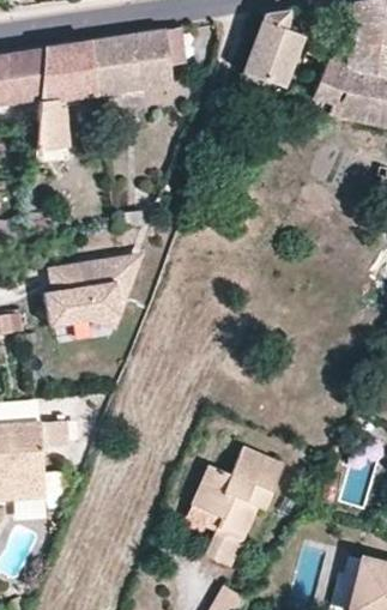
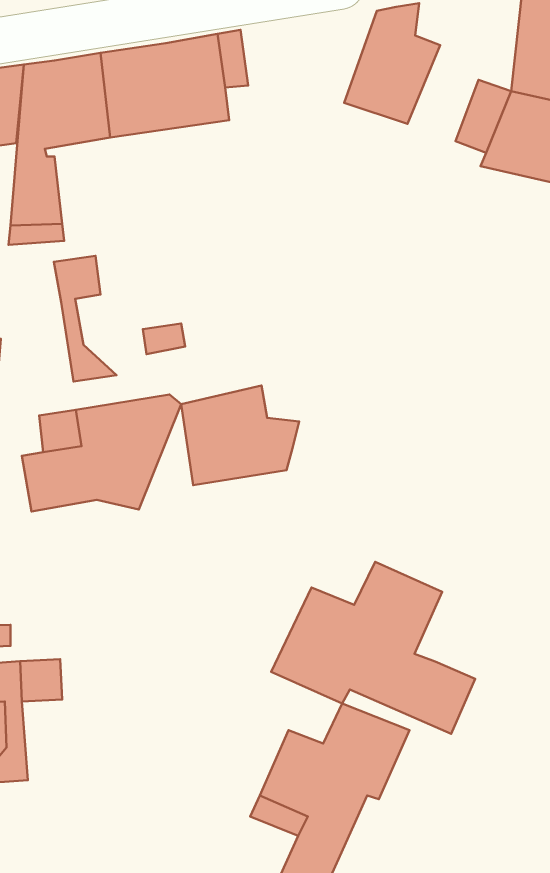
building: none -> [54,256,116,382]
building: none -> [181,385,299,485]
building: none -> [271,562,475,734]

